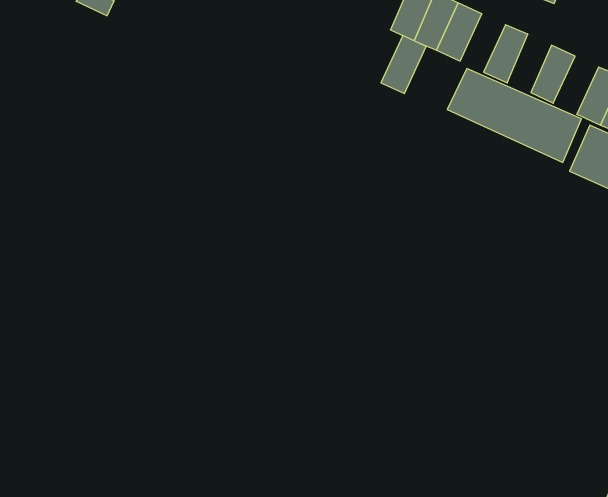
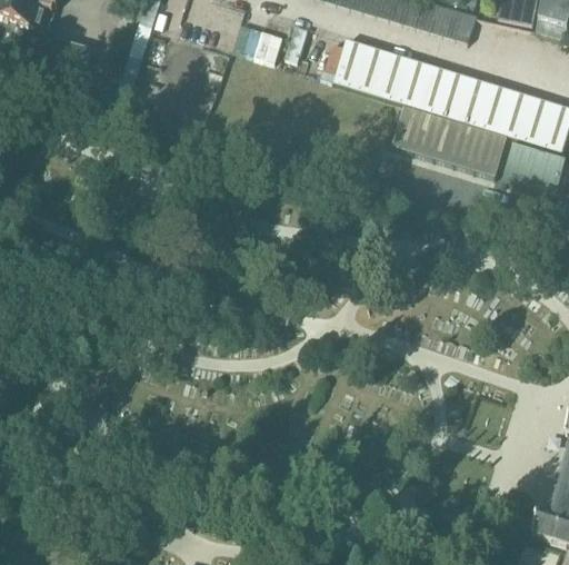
building: none -> [438,70,471,119]
building: [381,35,426,94] -> [396,58,430,107]
building: none -> [479,83,513,132]

